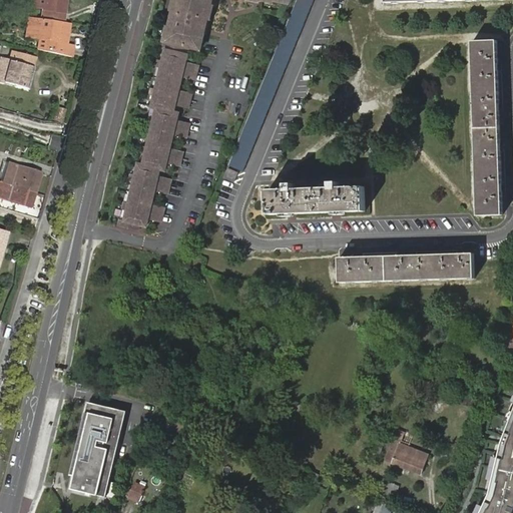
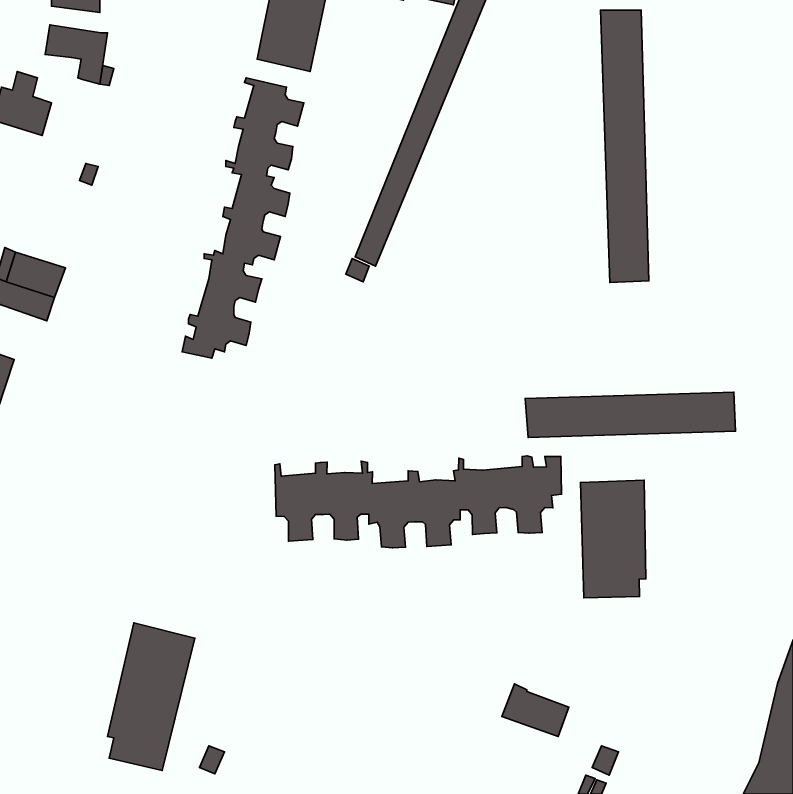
building: [470,40,501,215] -> [601,10,649,282]
building: [267,180,365,213] -> none
building: none -> [275,456,561,548]
building: none -> [580,480,646,598]
building: [384,438,427,472] -> [502,684,569,737]

